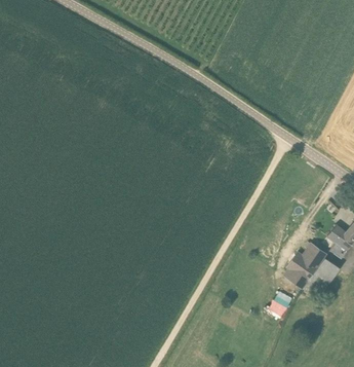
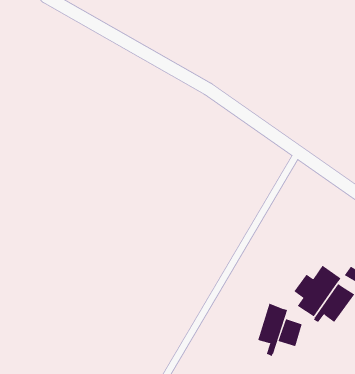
building: none -> [257,303,288,357]

